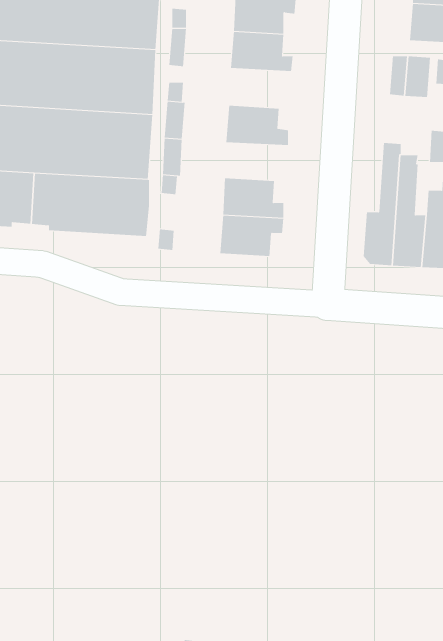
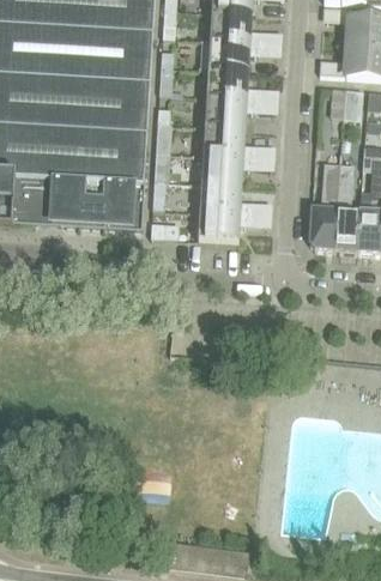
building: none -> [206,97,255,128]
building: none -> [202,155,253,184]

